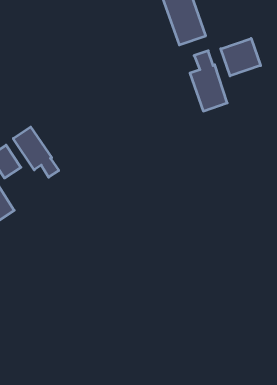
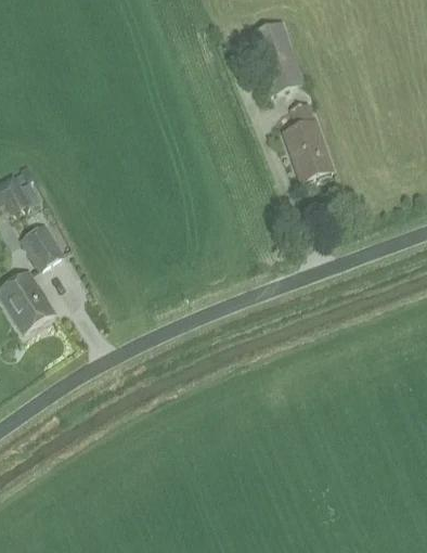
building: [221,38,261,76] -> none
building: [13,127,59,177] -> none

